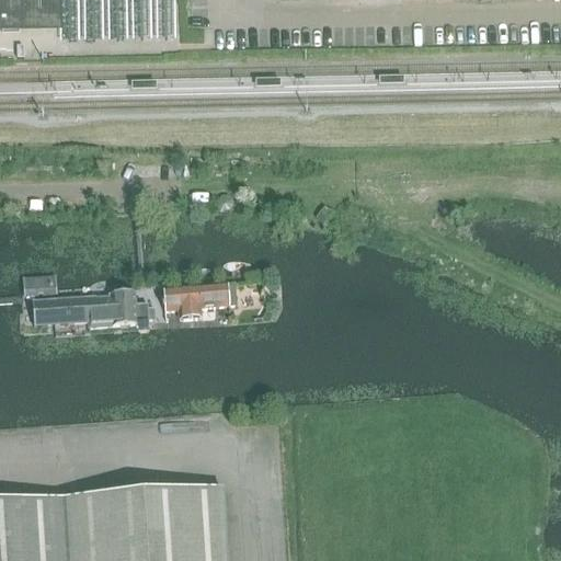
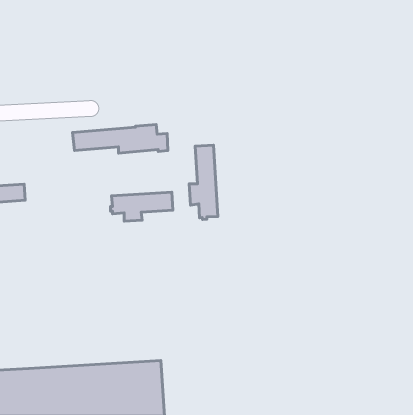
building: none -> [189,145,218,220]
building: [32,291,148,327] -> [73,124,168,153]

